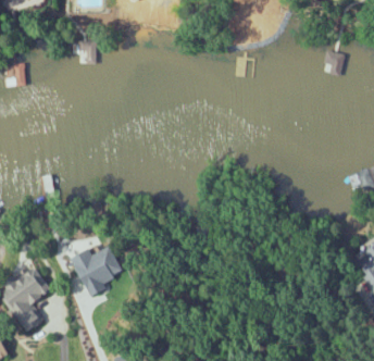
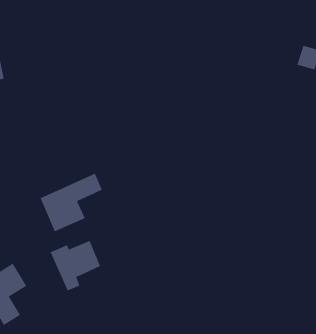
building: none -> [40,173,102,232]

